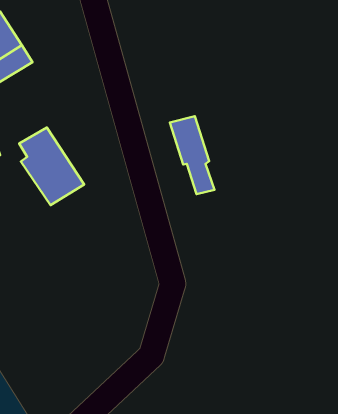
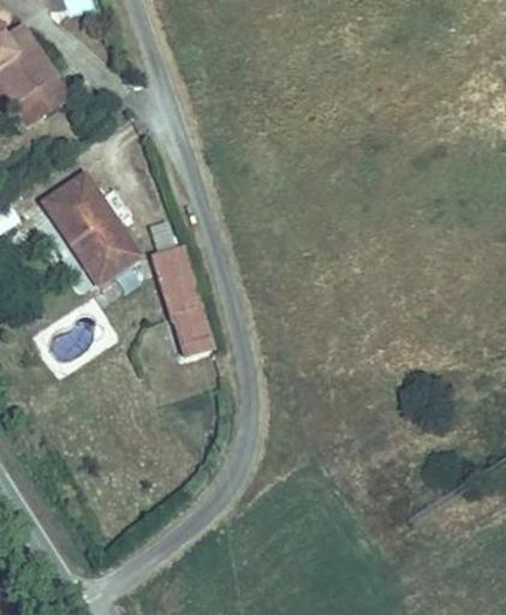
building: [170,116,215,194] -> [151,256,212,360]

